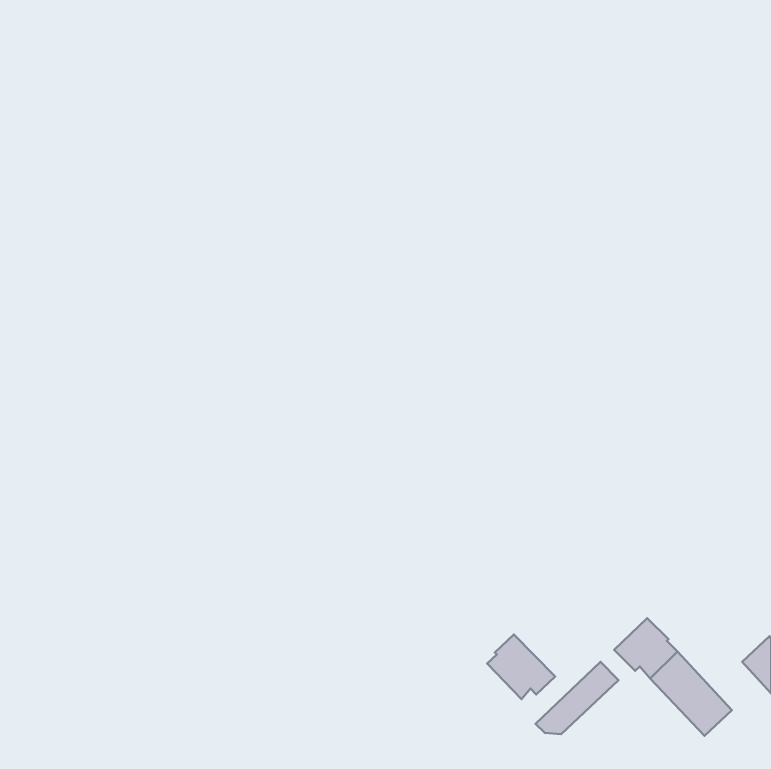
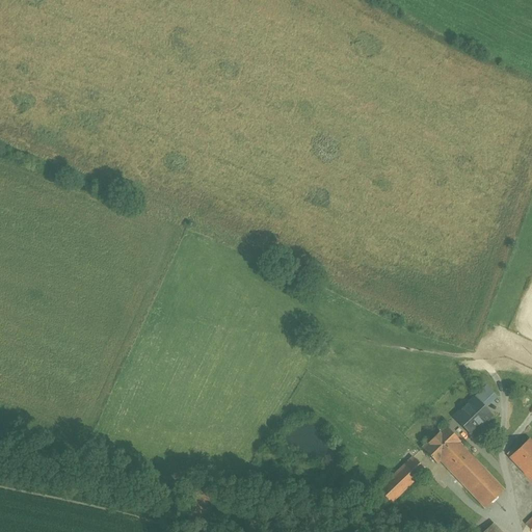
building: none -> [455,397,491,433]
building: [487,634,555,699] -> none

